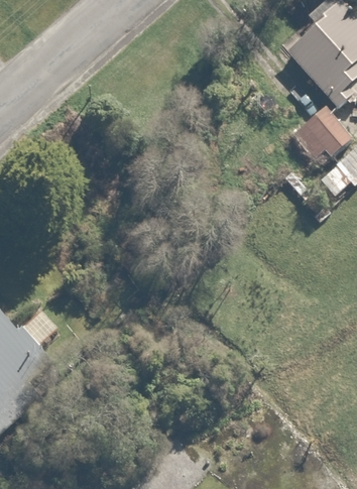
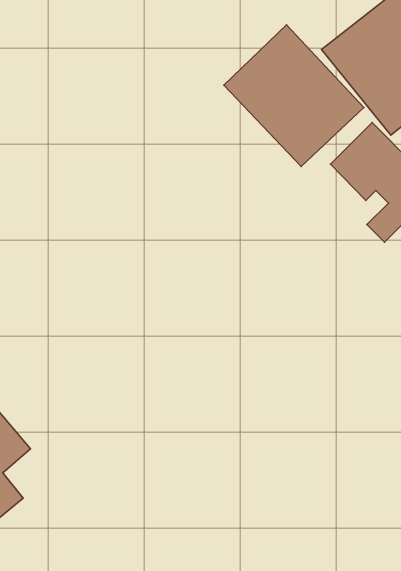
building: none -> [224,25,364,167]

